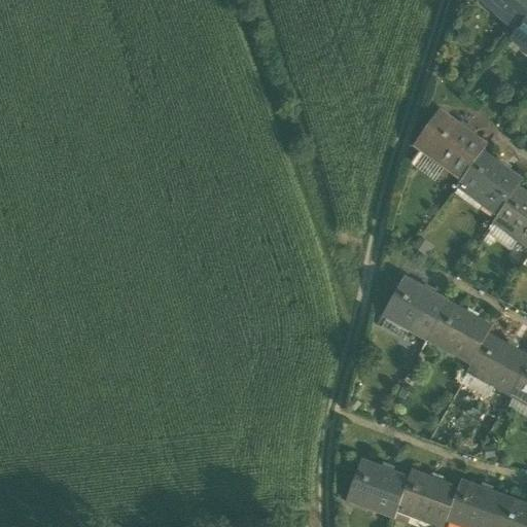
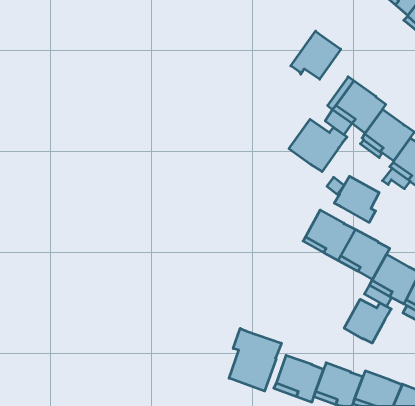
building: none -> [291,31,341,79]
building: none -> [289,119,347,172]
building: none -> [334,176,379,222]
building: none -> [344,299,391,343]
building: none -> [229,328,281,391]

